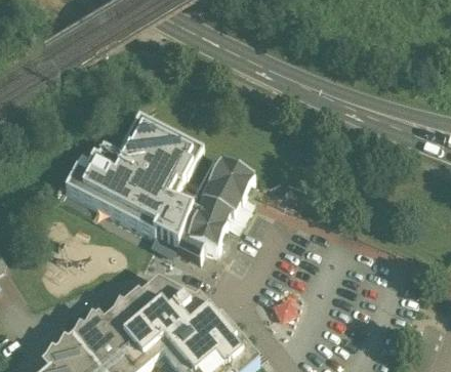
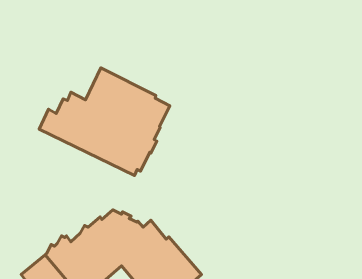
building: [174,161,252,259] -> none

